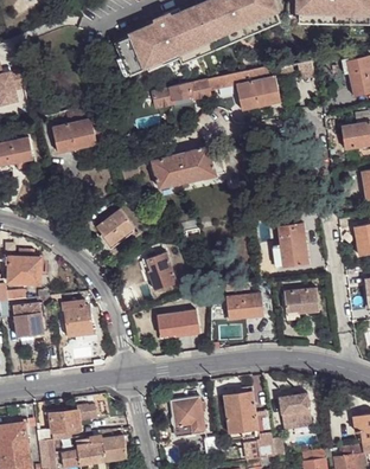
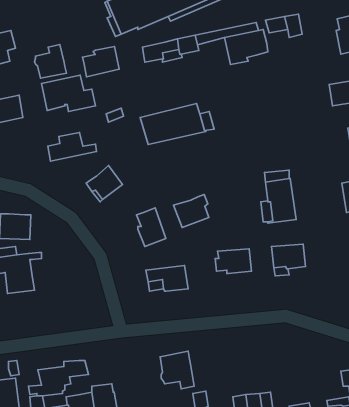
building: none -> [35,44,67,78]
building: none -> [82,47,119,77]
building: none -> [48,132,97,161]
building: none -> [174,194,209,227]
building: [63,304,89,335] -> none
building: [223,391,257,432] -> none
building: [279,392,311,423] -> none

